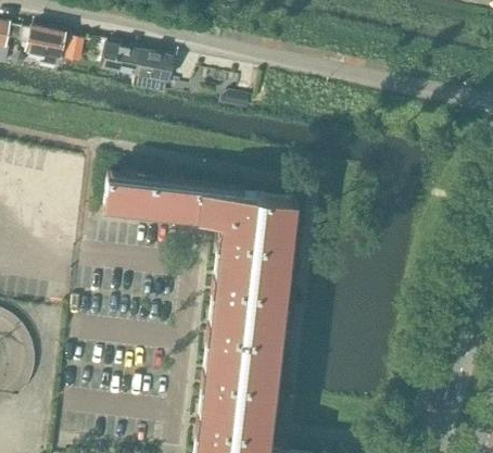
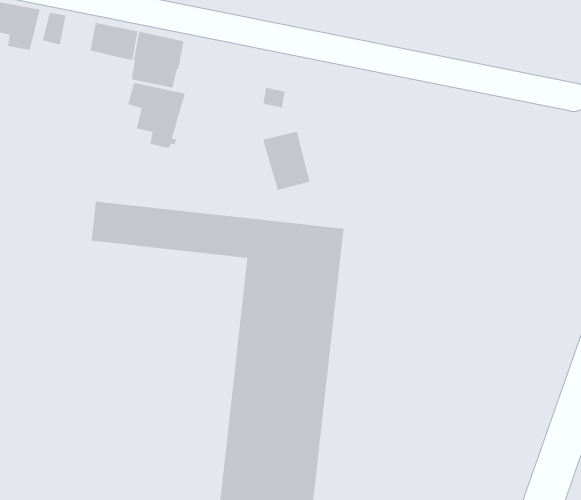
building: none -> [127,82,186,148]
building: none -> [262,131,311,191]

